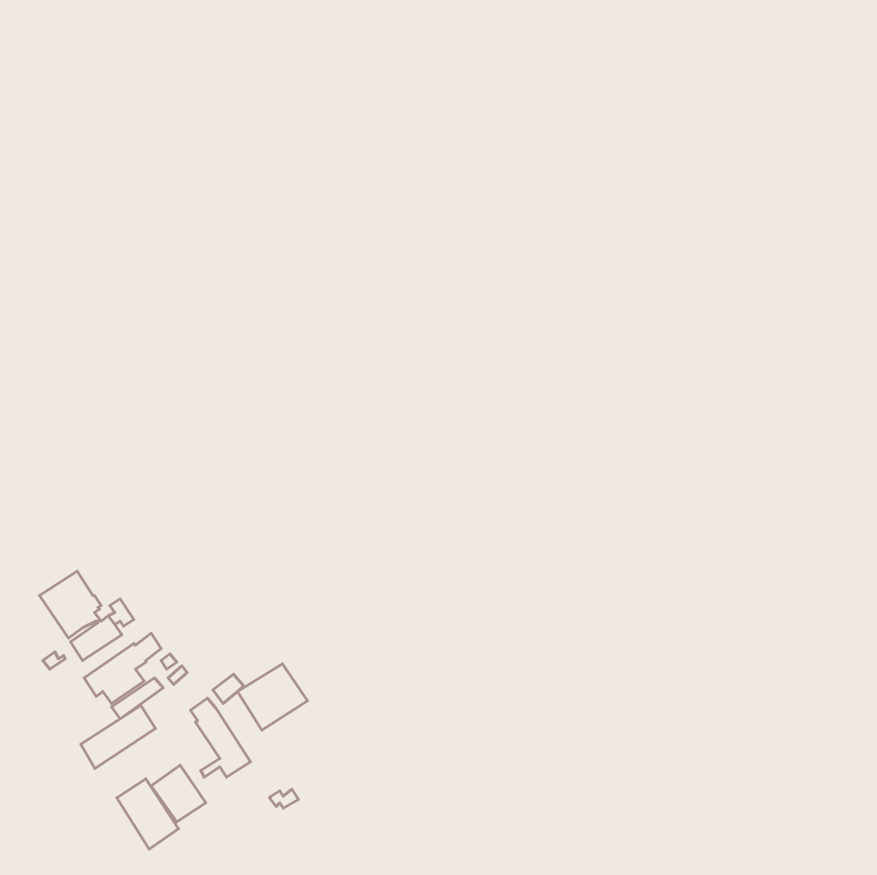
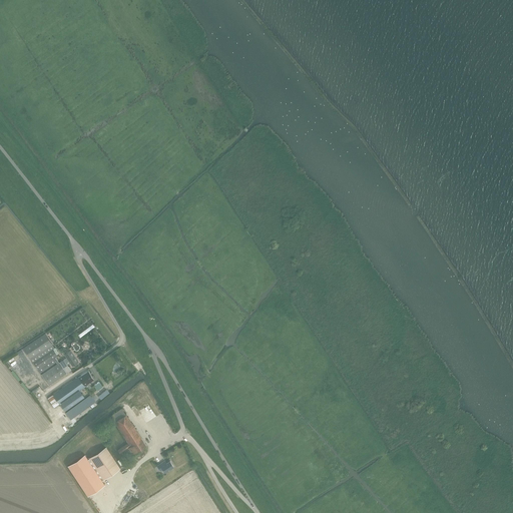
building: [238,664,307,730] -> none
building: [81,706,156,768] -> none

